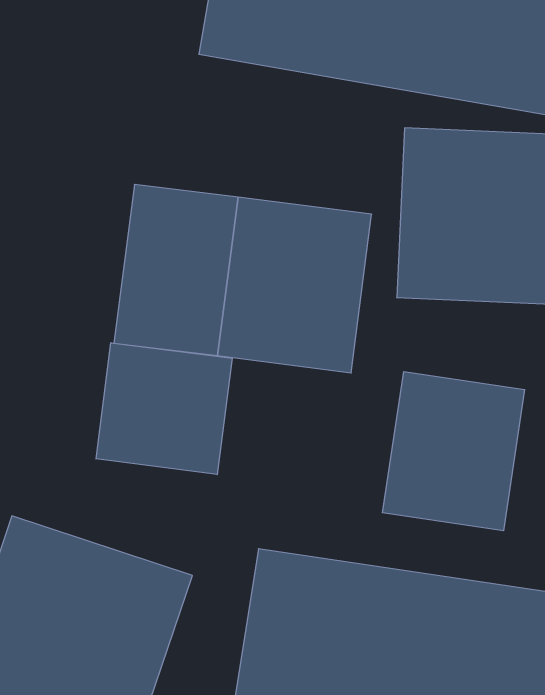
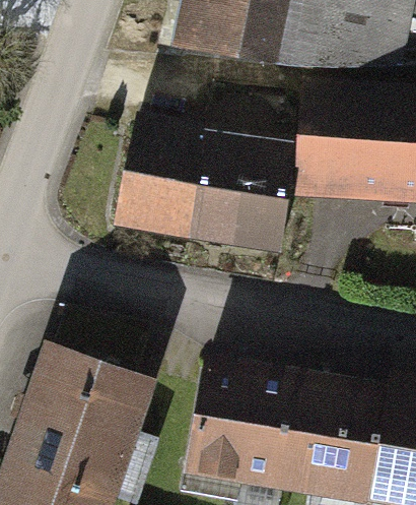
building: [96,343,232,475] -> none
building: [383,372,525,531] -> none

